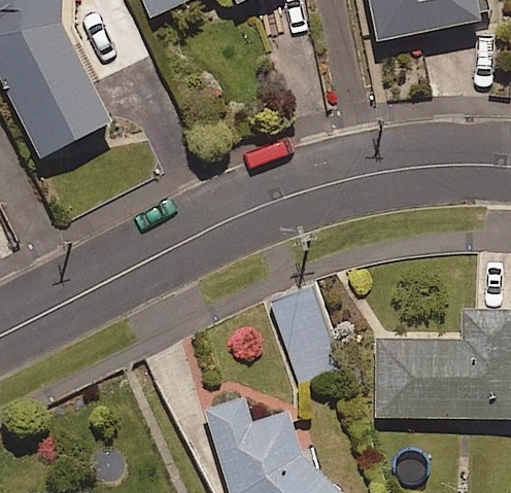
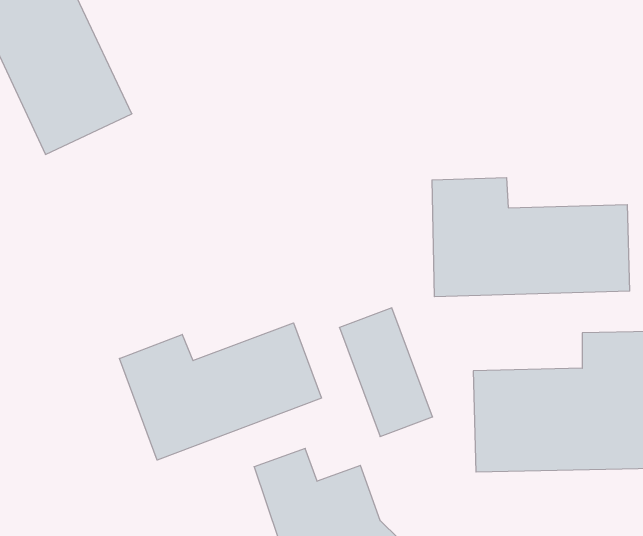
building: none -> [432,178,630,297]
building: none -> [119,323,321,460]

